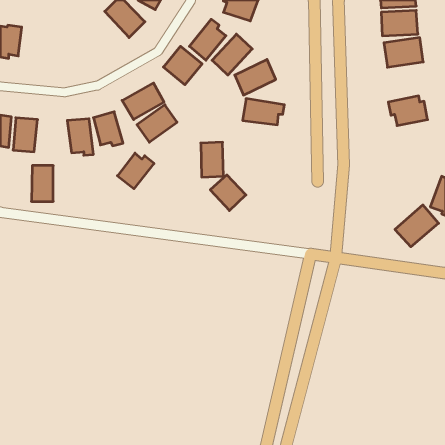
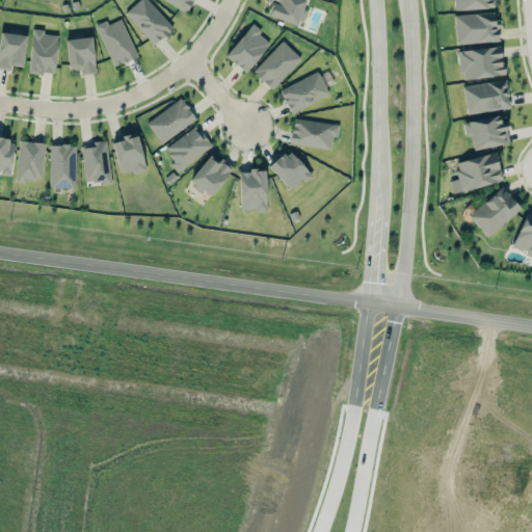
building: none -> [97,20,138,66]
building: none -> [29,29,58,75]
building: none -> [66,37,97,75]
building: [163,46,202,85] -> none
building: none -> [463,81,510,113]
building: none -> [455,153,503,191]
building: [117,153,154,189] -> [190,156,234,198]
building: [31,166,53,201] -> [50,145,76,188]
building: [210,175,246,211] -> [269,150,312,192]
building: [395,205,439,247] -> [470,187,522,237]

